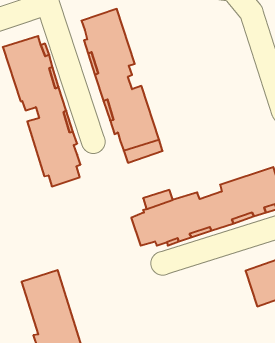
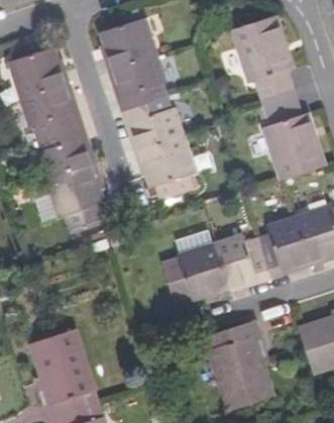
building: none -> [231,15,324,180]
building: none -> [205,320,271,411]

